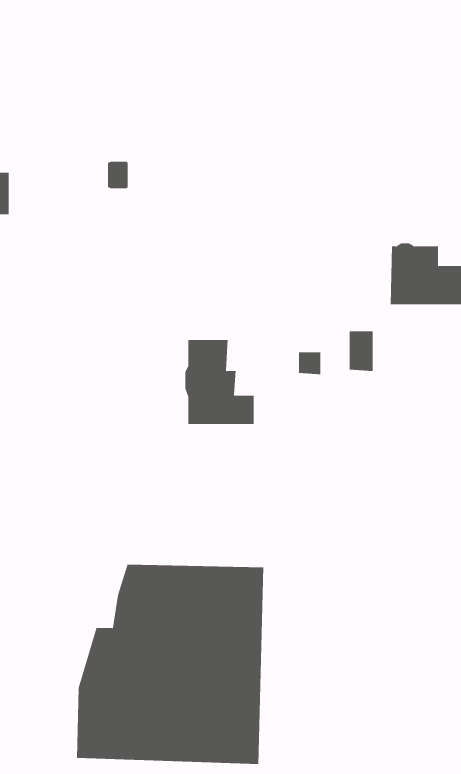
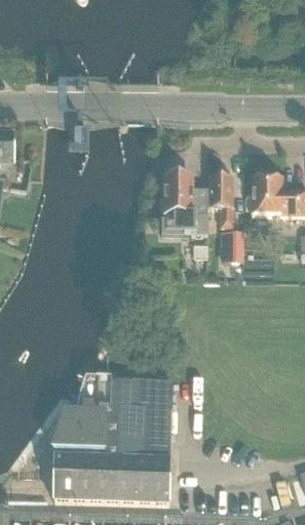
building: none -> [208,175,231,226]
building: [184,340,255,424] -> [162,175,206,229]

